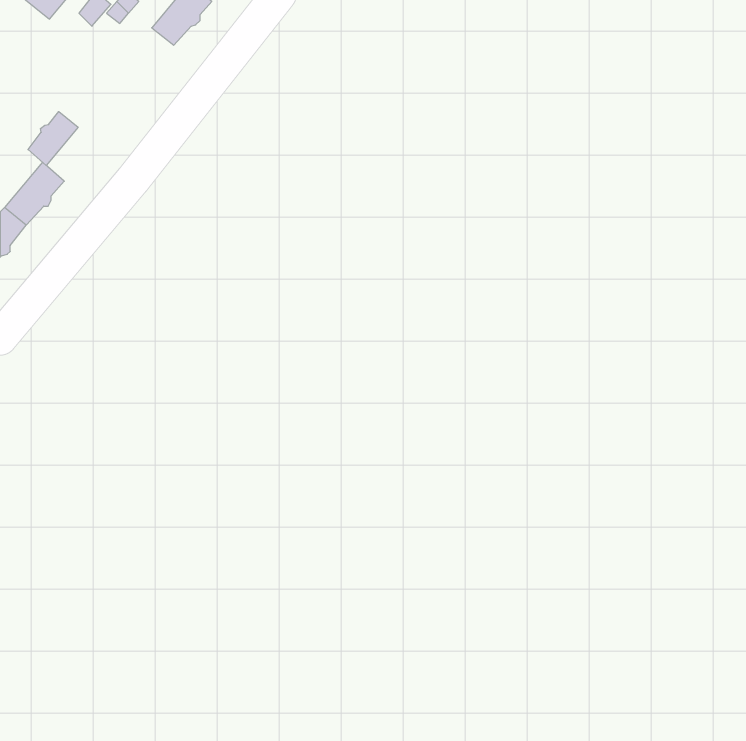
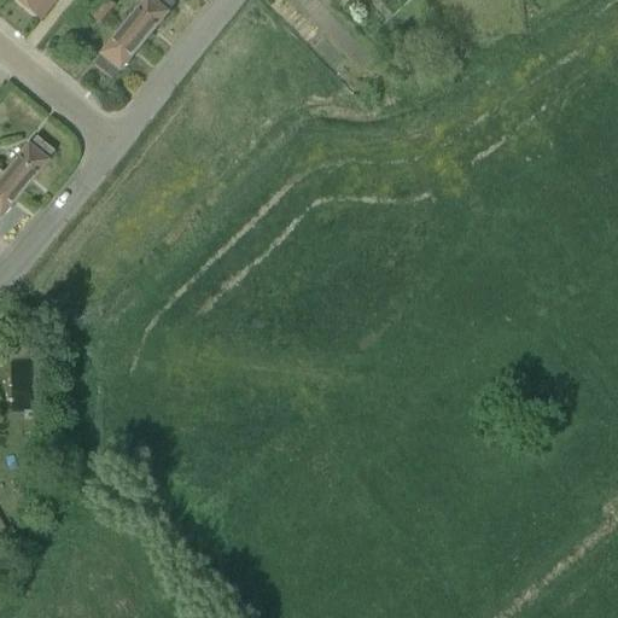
building: none -> [94,23,144,75]
building: [28,112,78,165] -> none

